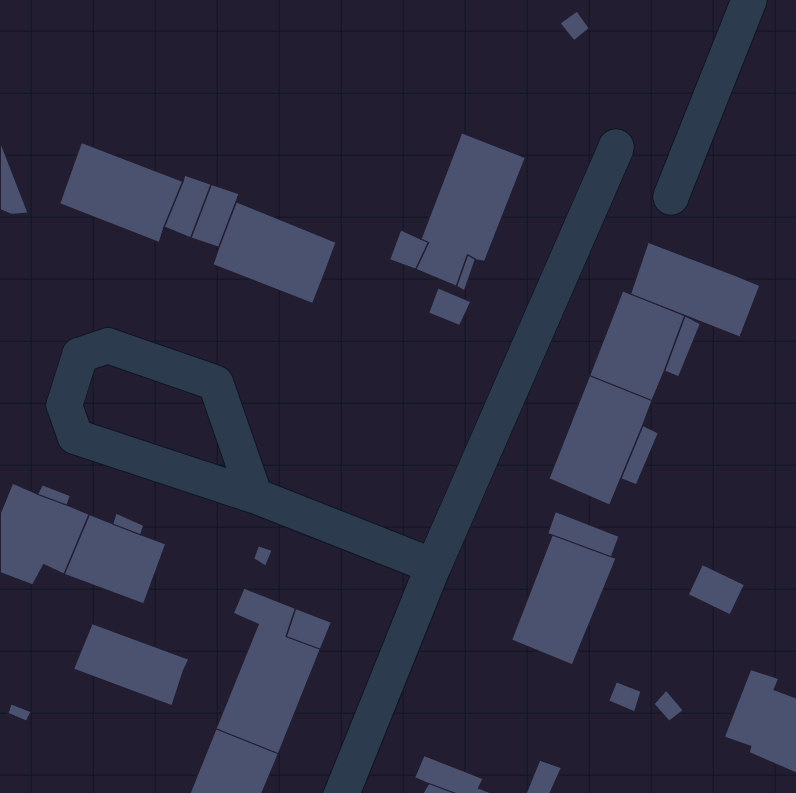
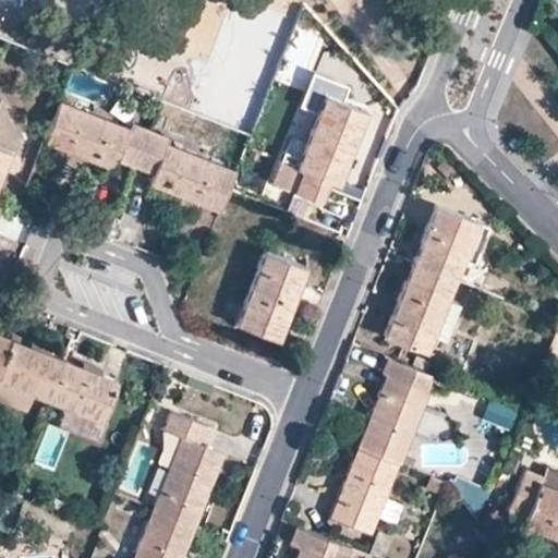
building: [630,242,760,337] -> none
building: none -> [236,254,307,343]
building: [74,624,189,706] -> none
building: none -> [330,450,401,536]

